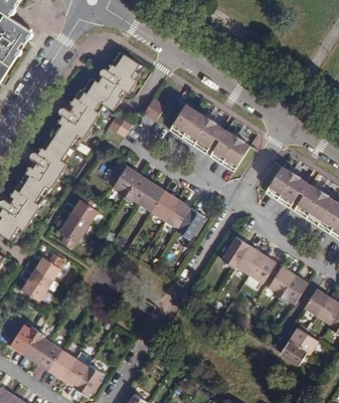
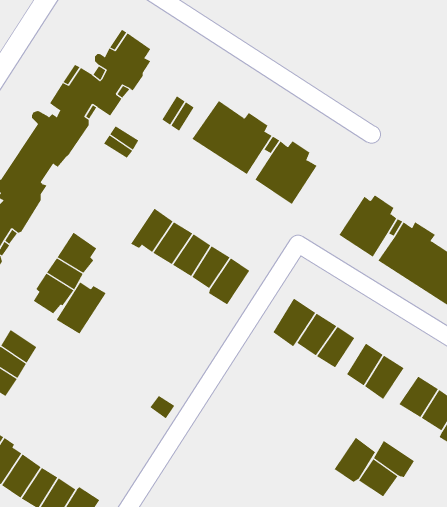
building: [105,162,140,199] -> none
building: none -> [56,282,107,335]
building: none -> [334,437,376,483]

